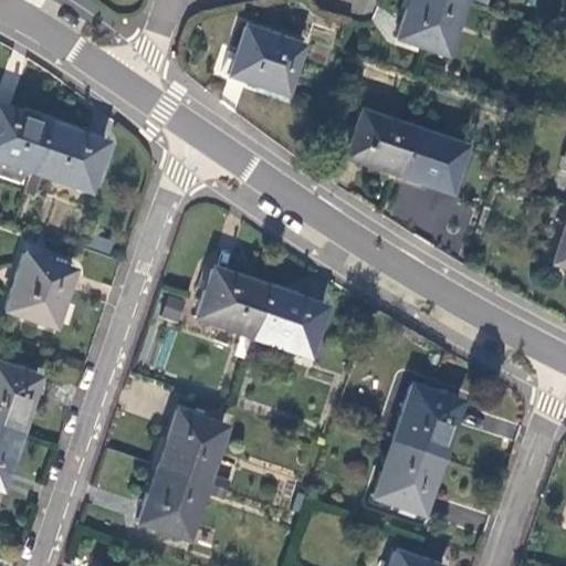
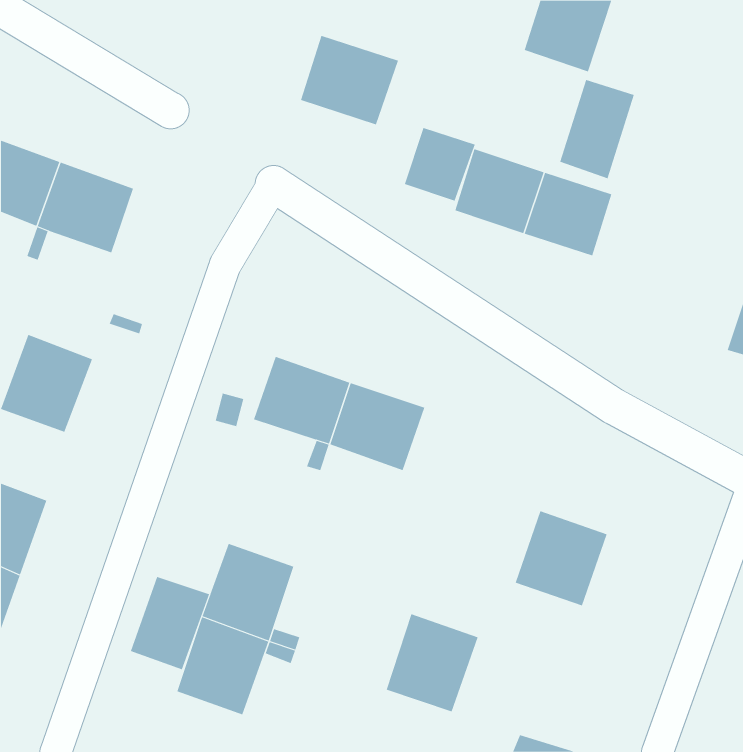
building: none -> [560,79,635,179]
building: none -> [404,127,475,201]
building: none -> [130,576,210,670]
building: [375,438,444,512] -> [386,613,479,712]

